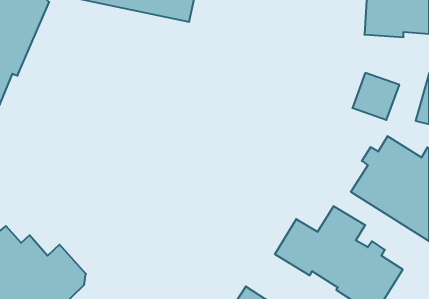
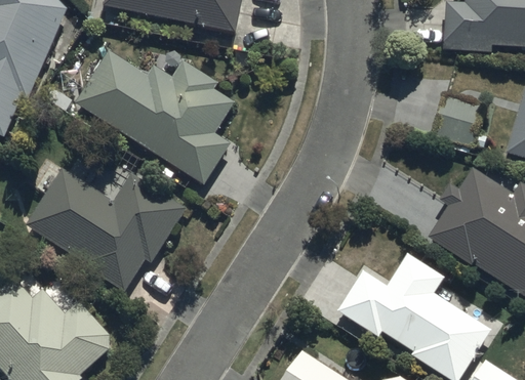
building: none -> [76,50,235,185]
building: none -> [26,169,186,292]

